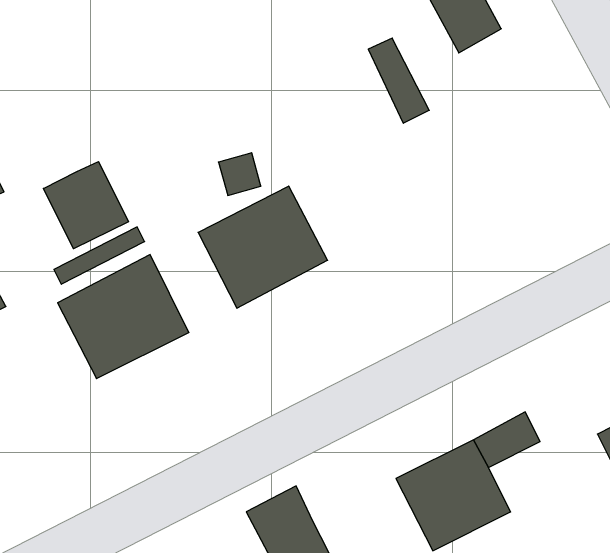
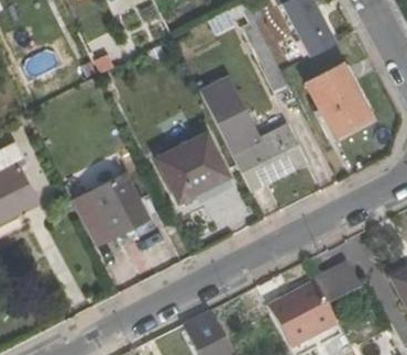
building: none -> [306,63,374,136]
building: none -> [201,75,308,180]
building: [43,162,129,249] -> none

